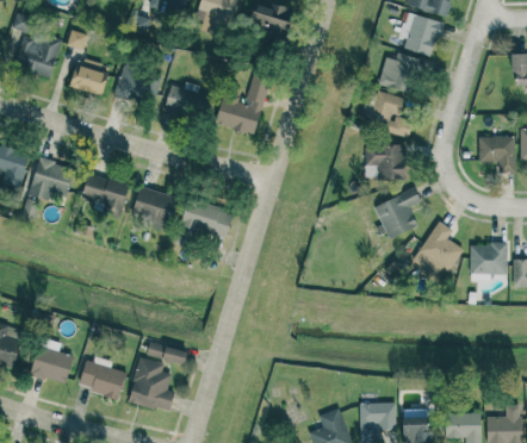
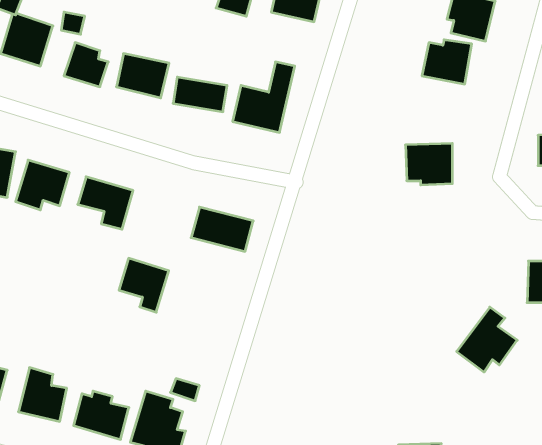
building: [360,91,414,137] -> none
building: [132,186,175,232] -> [119,258,169,312]
building: [374,188,421,239] -> none
building: [411,222,464,277] -> [457,307,517,372]

